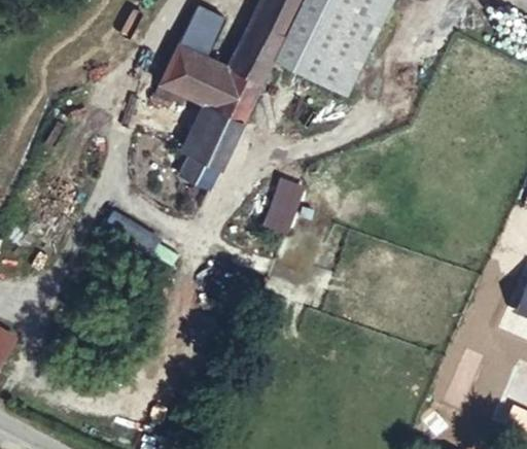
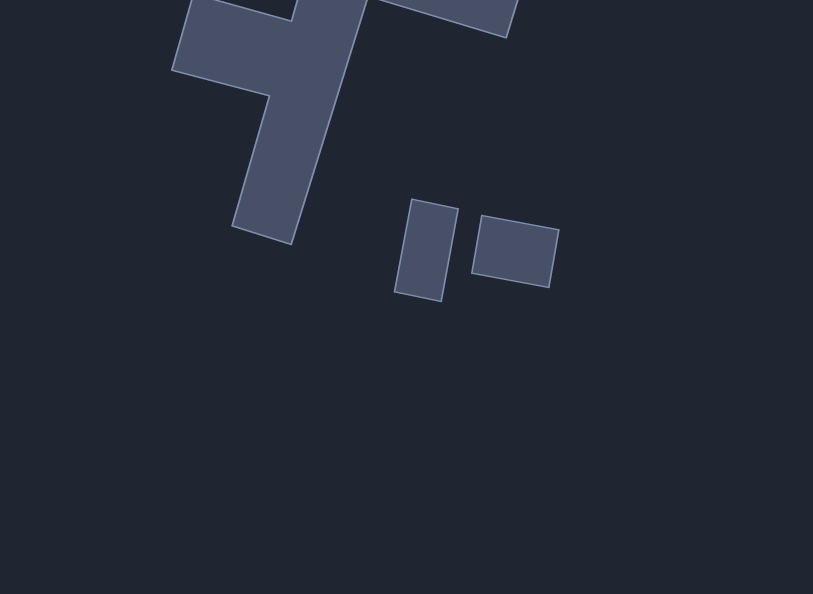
building: none -> [472,215,559,287]

